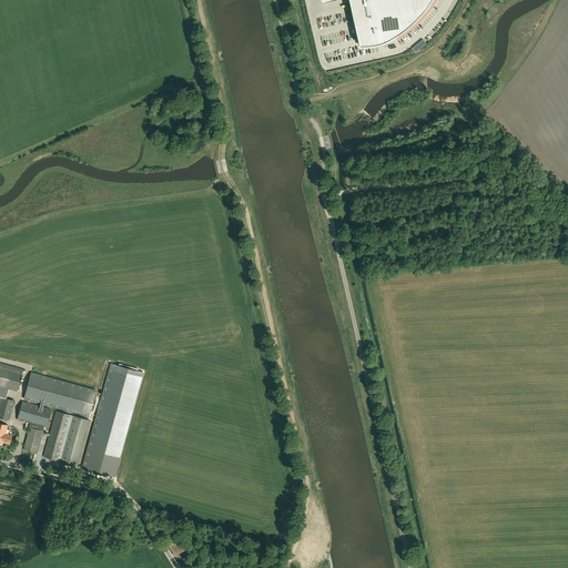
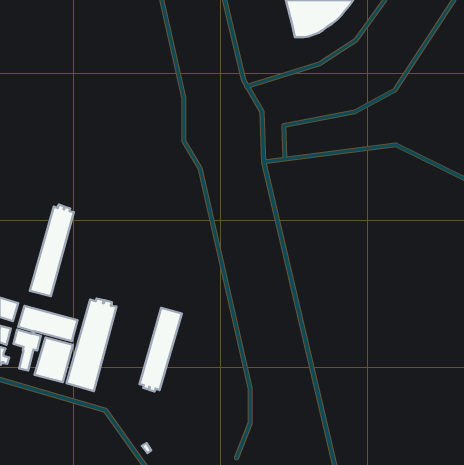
building: none -> [30,205,74,296]
building: none -> [139,308,182,392]

